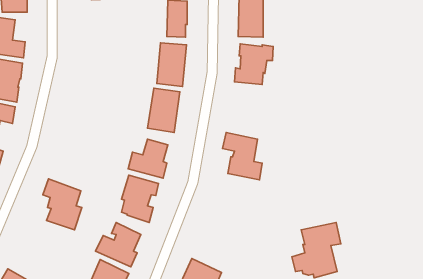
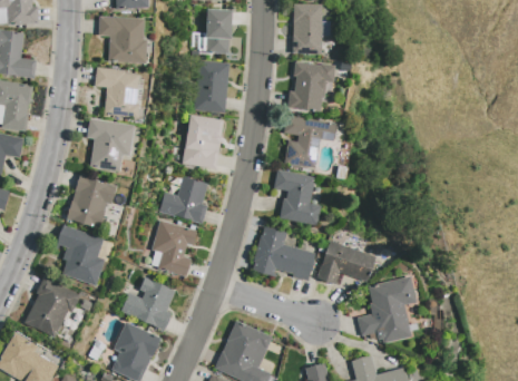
building: none -> [98,16,147,62]
building: none -> [95,66,139,117]
building: none -> [284,115,335,167]
building: none -> [87,118,135,170]
building: none -> [66,172,117,228]
building: none -> [252,226,315,281]
building: none -> [316,241,375,284]
building: none -> [23,276,80,336]

